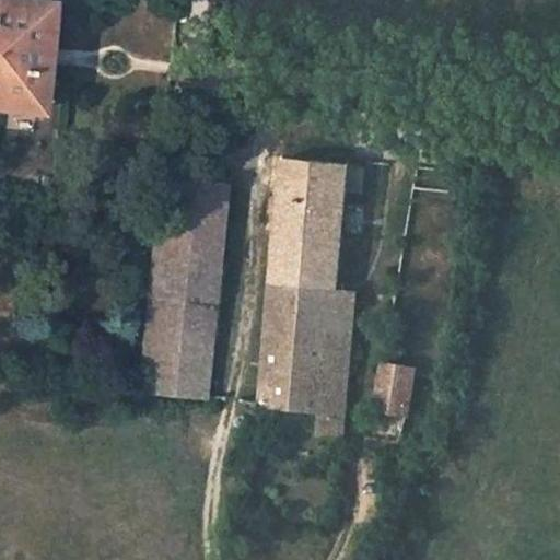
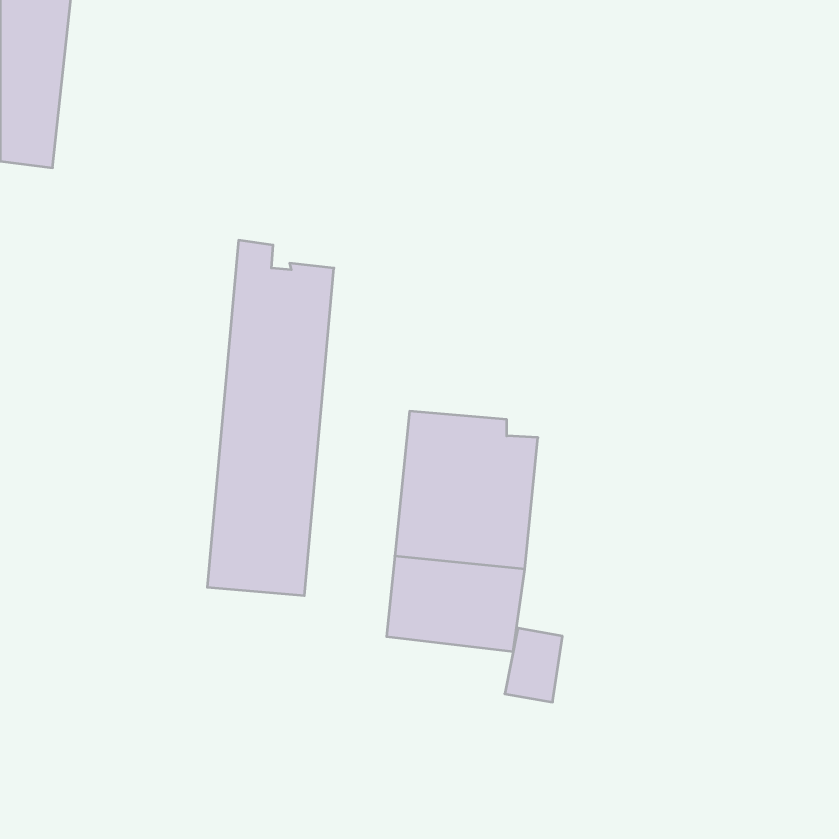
building: [273,162,349,279] -> none
building: [376,363,415,412] -> [505,628,562,702]

